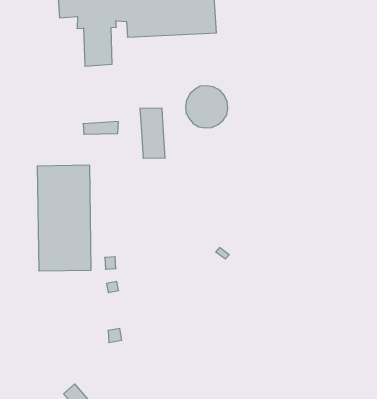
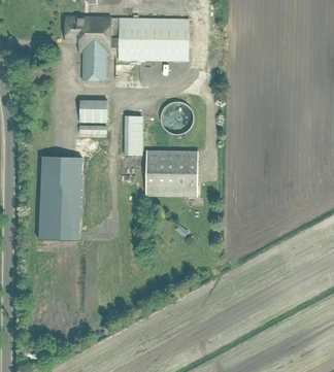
building: none -> [79,99,107,122]
building: none -> [145,150,198,196]

